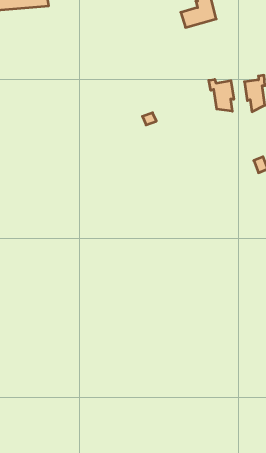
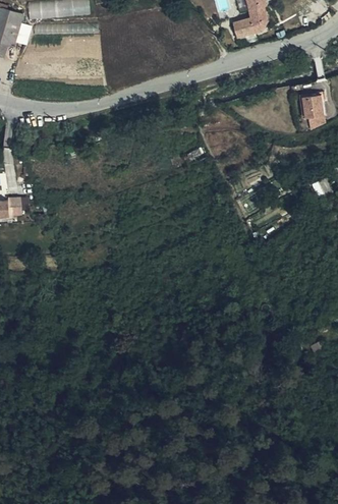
building: [209,79,234,111] -> none

